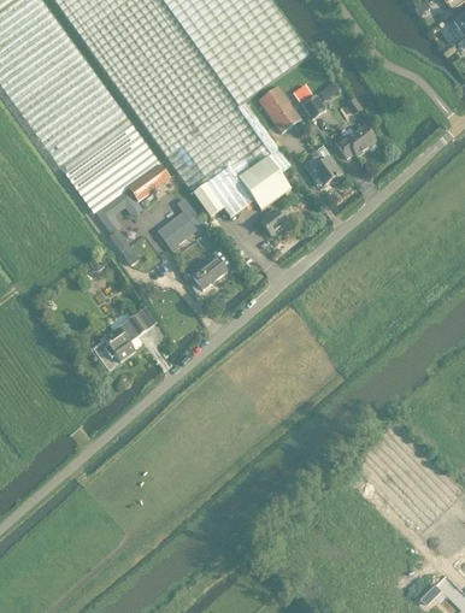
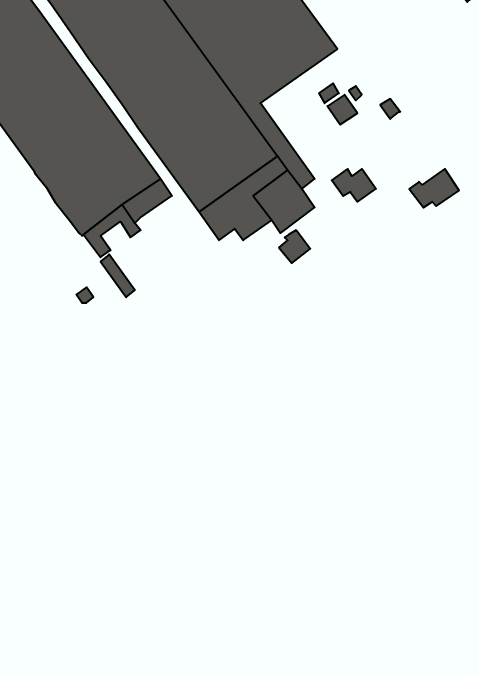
building: [259,84,301,131] -> none
building: [335,124,377,157] -> [409,169,459,208]
building: [159,198,206,247] -> none
building: [193,247,231,288] -> none
building: [104,313,147,360] -> none

